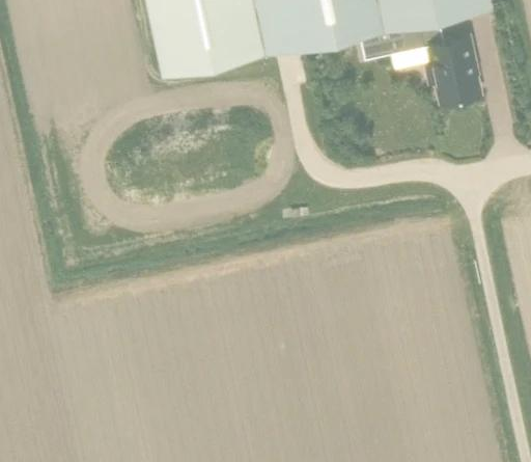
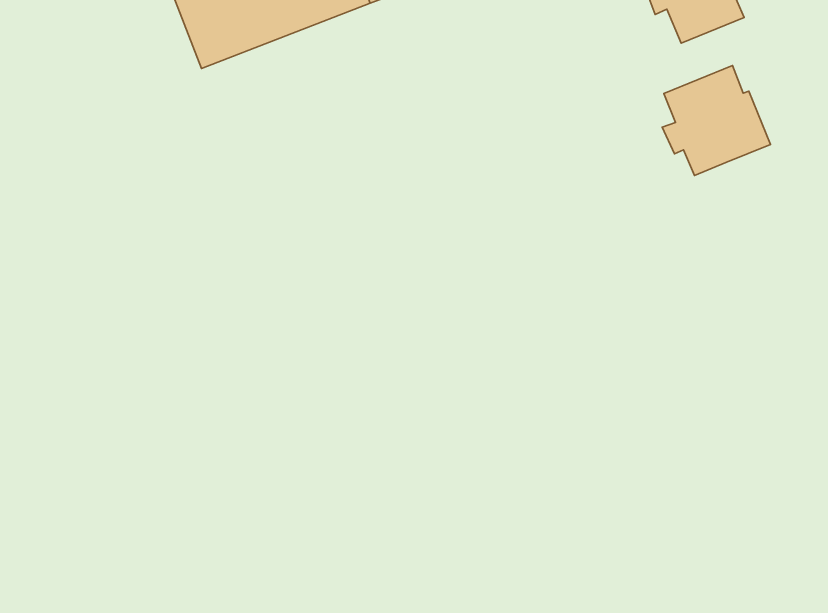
building: none -> [662,65,771,175]

